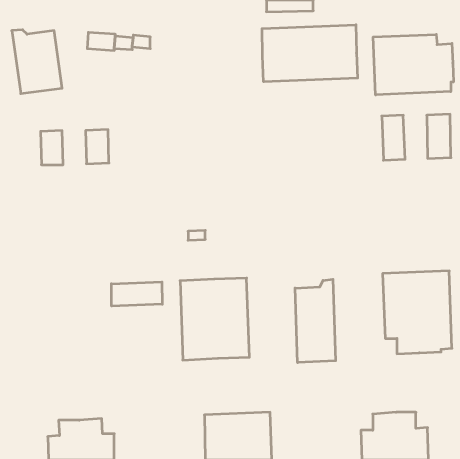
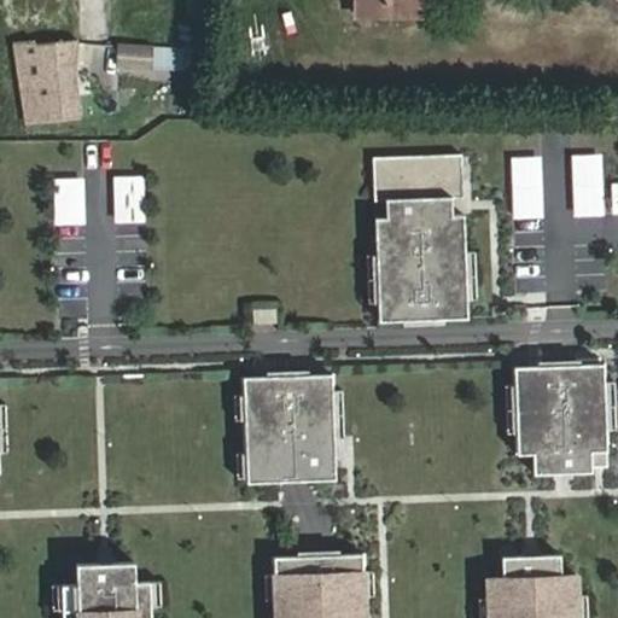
building: [262,25,358,82] -> none
building: [373,34,453,95] -> none
building: none -> [373,153,468,321]
building: [295,279,336,363] -> none
building: [111,282,162,306] -> none

